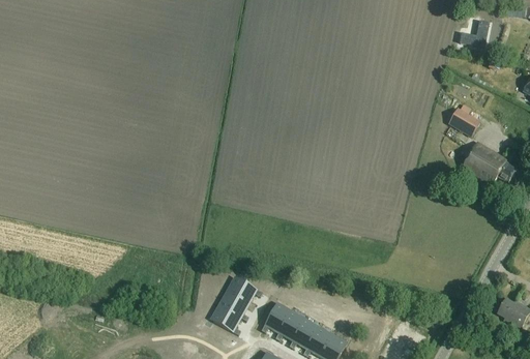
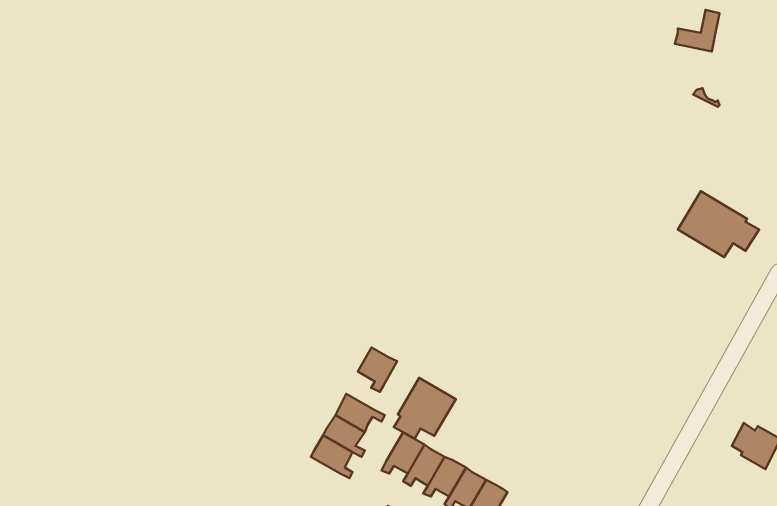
building: [448,106,481,136] -> none
building: none -> [358,347,397,392]
building: none -> [394,378,456,439]

